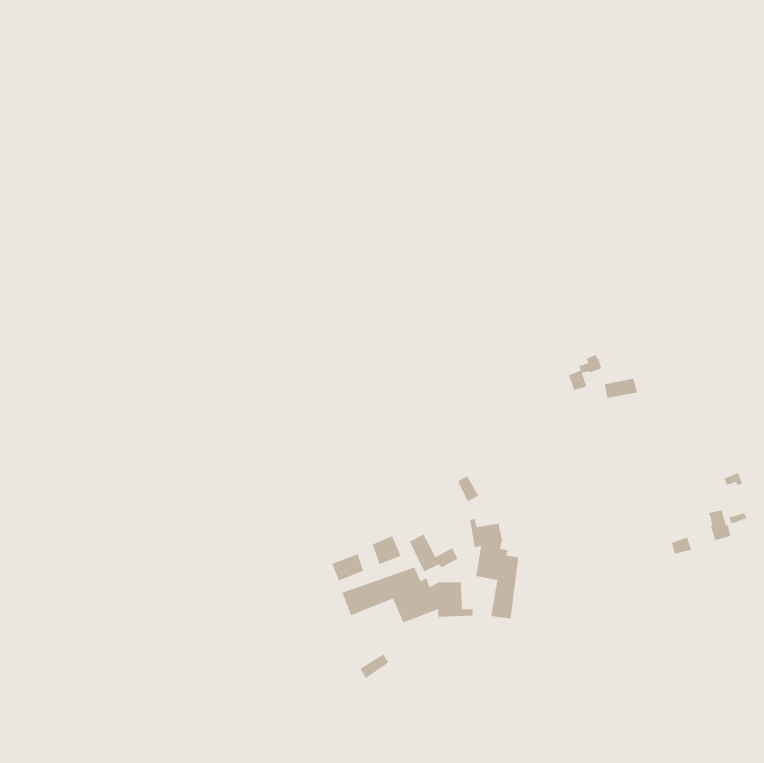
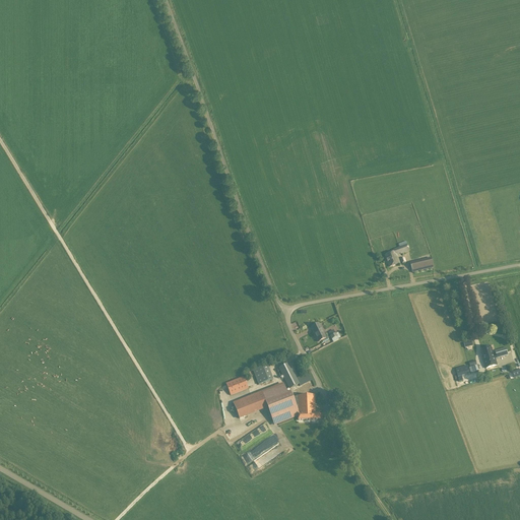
building: [469,518,519,620] -> none

